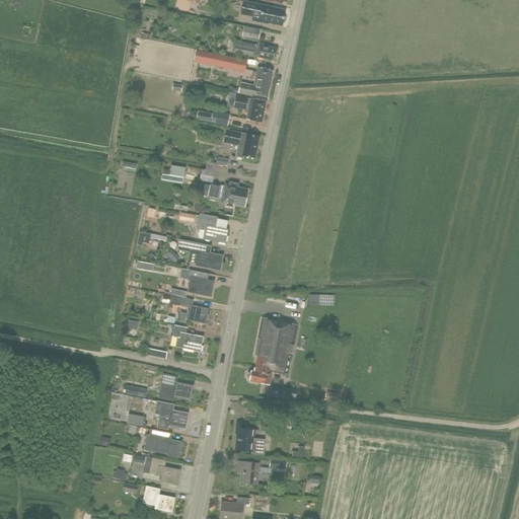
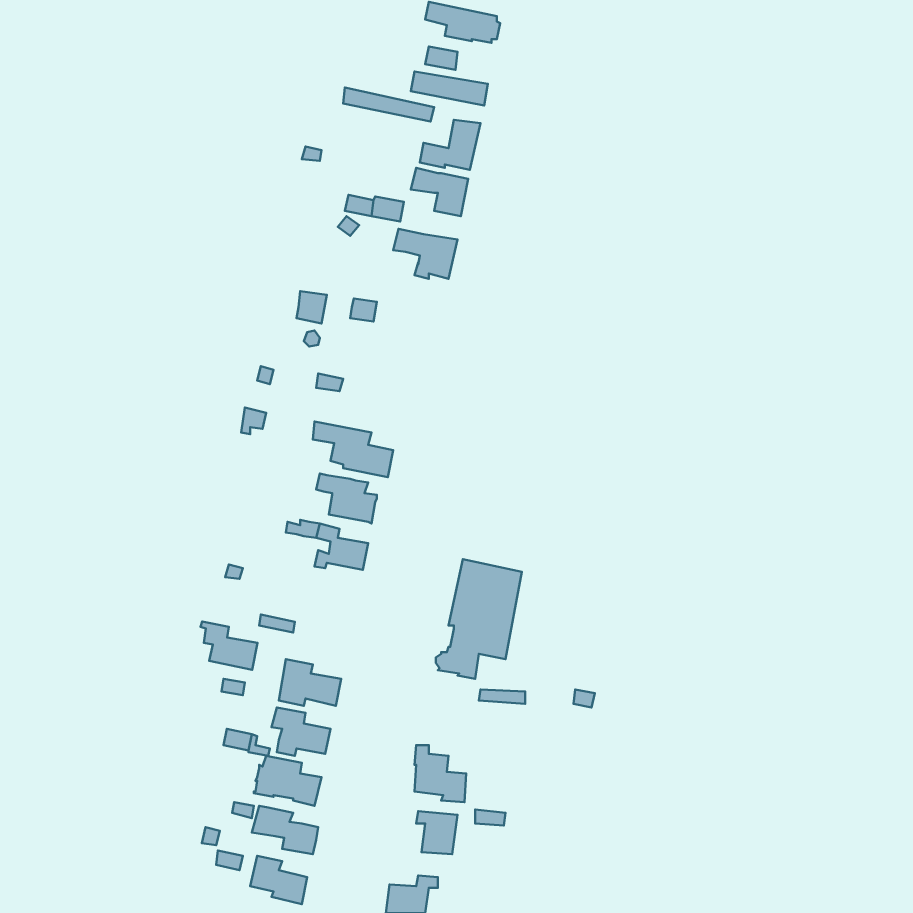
building: [198,181,248,208] -> none
building: [197,214,228,243] -> none
building: [170,324,203,352] -> [200,621,258,670]

